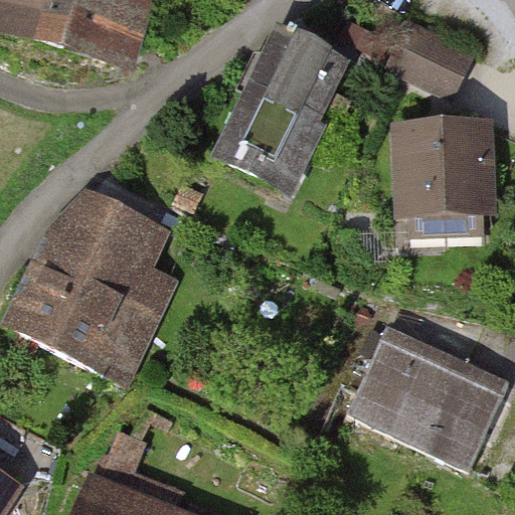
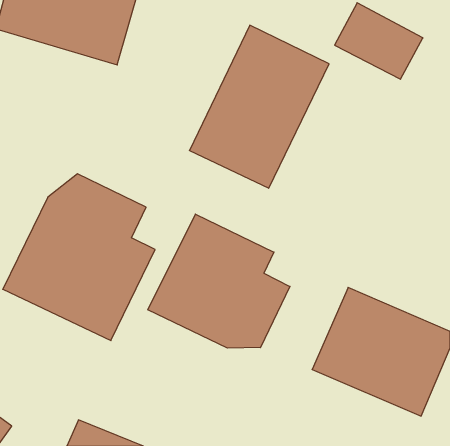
building: [388,117,498,231] -> none
building: none -> [148,214,290,348]

